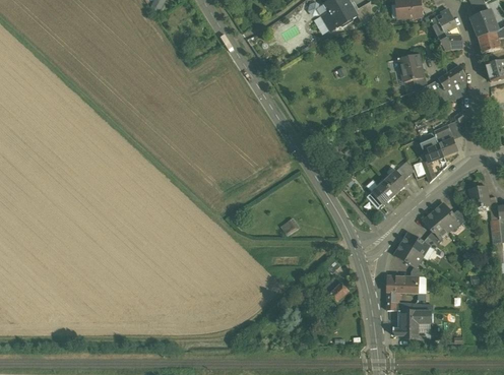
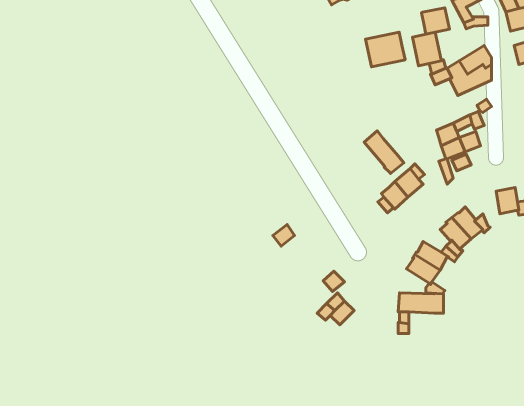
building: none -> [421,8,449,34]
building: none -> [366,32,405,67]
building: none -> [364,131,404,173]
building: [400,309,430,337] -> none

